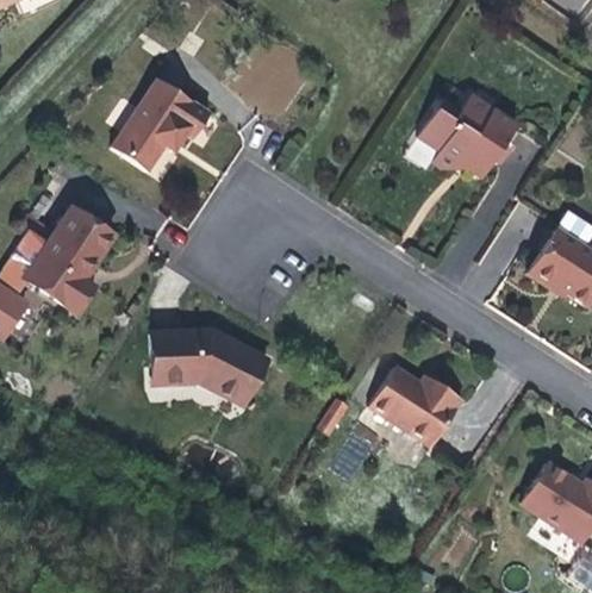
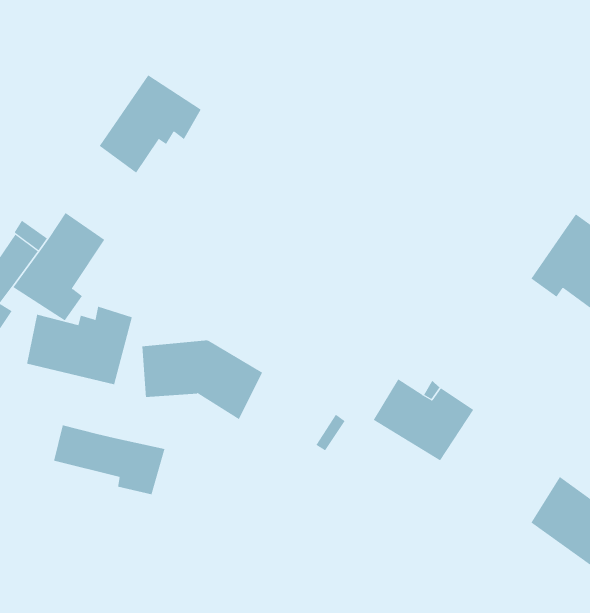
building: [416,96,512,180] -> none
building: none -> [26,306,132,385]
building: none -> [54,425,165,495]

